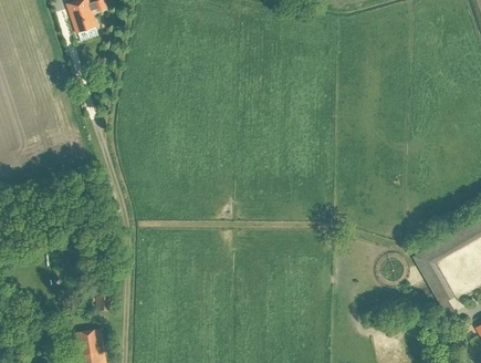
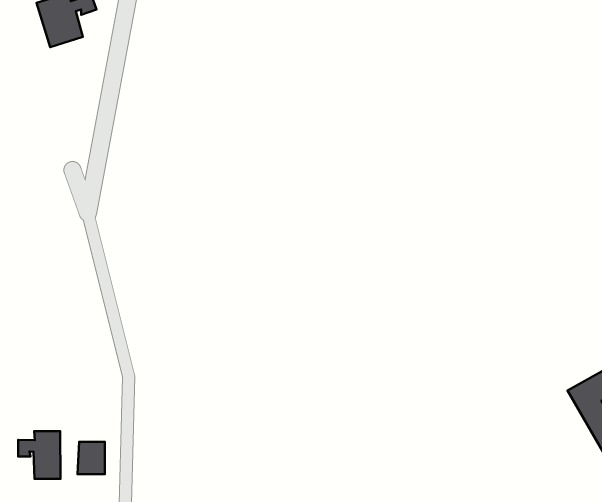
building: none -> [18,431,61,479]

